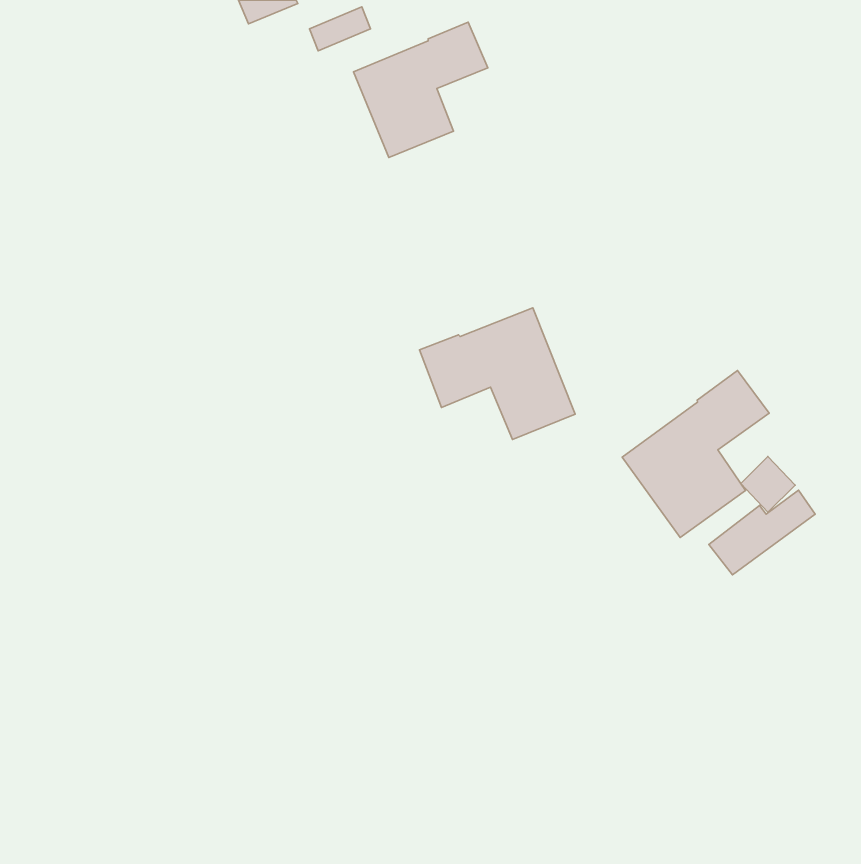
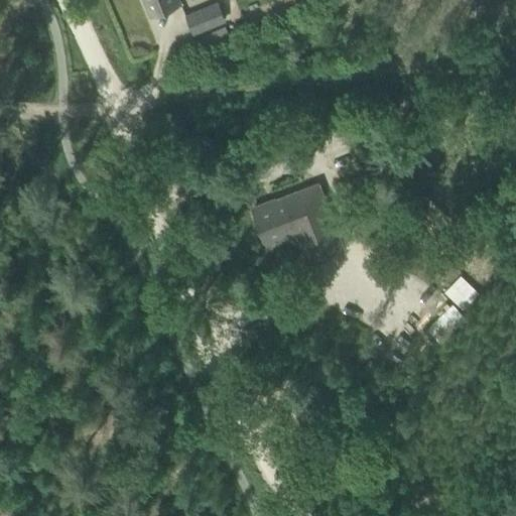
building: [354,22,488,158] -> none
building: [622,371,769,537] -> none

